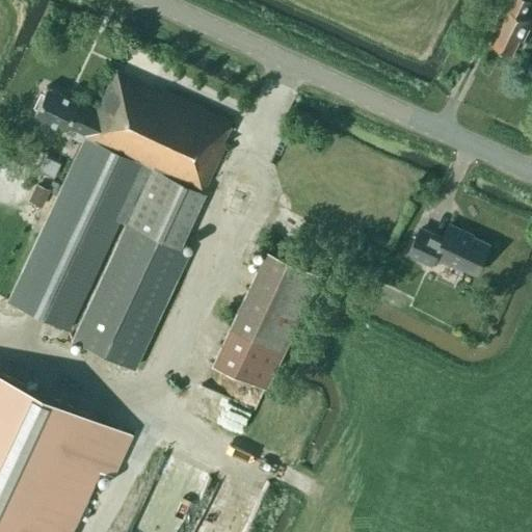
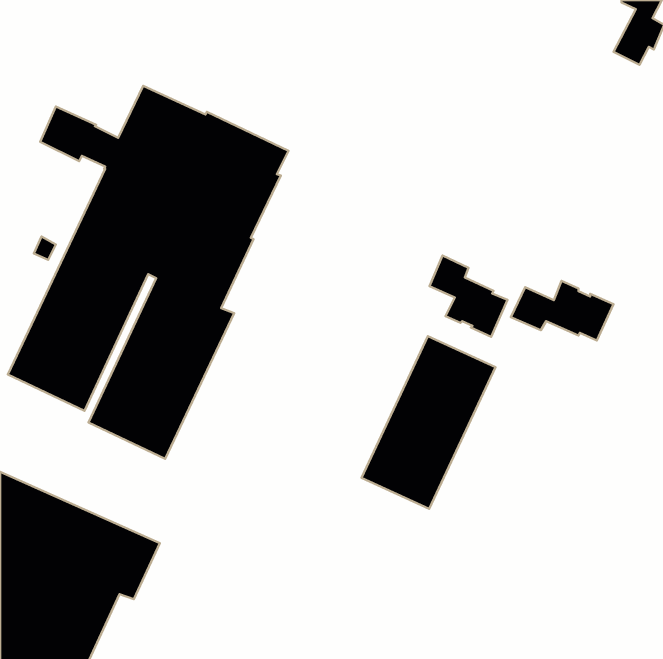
building: none -> [429,256,507,337]
building: [212,252,319,391] -> [362,336,495,509]

